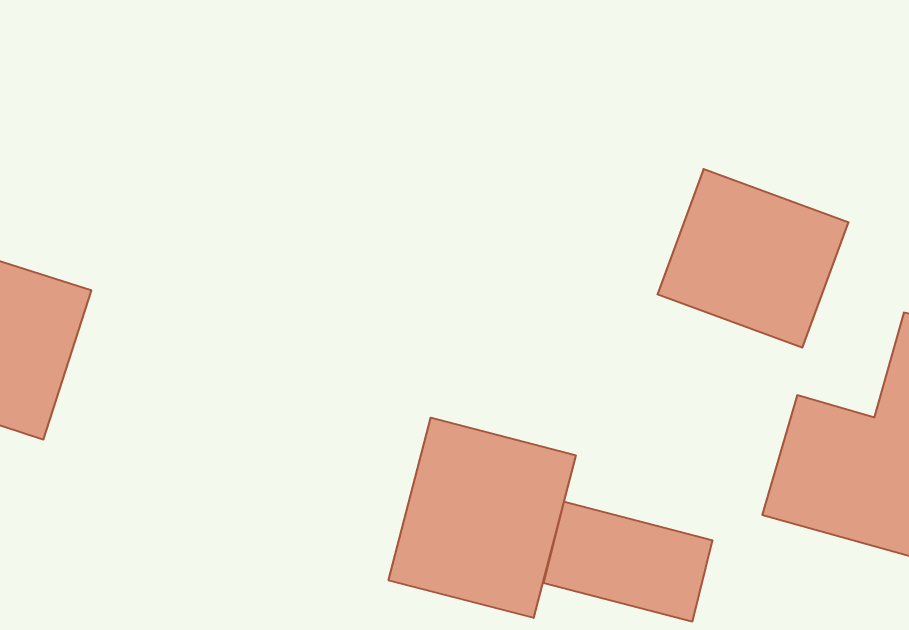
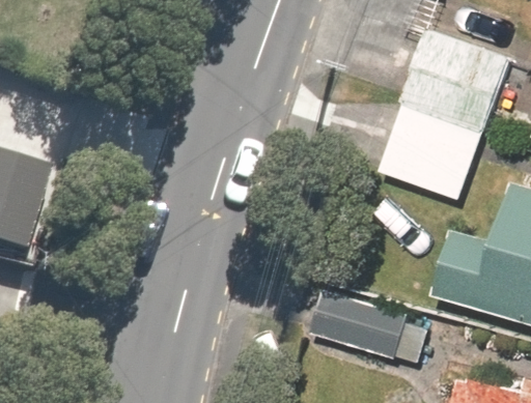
building: none -> [400,31,509,132]
building: [389,418,576,618] -> none

